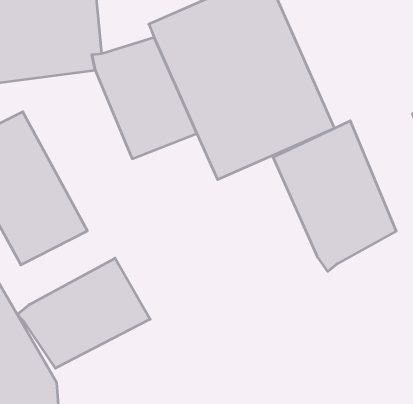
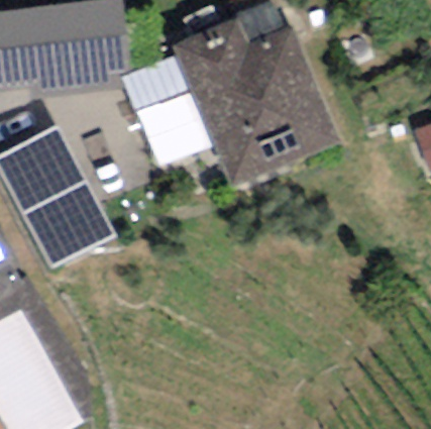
building: [273,121,396,271] -> none
building: [17,258,150,368] -> none

